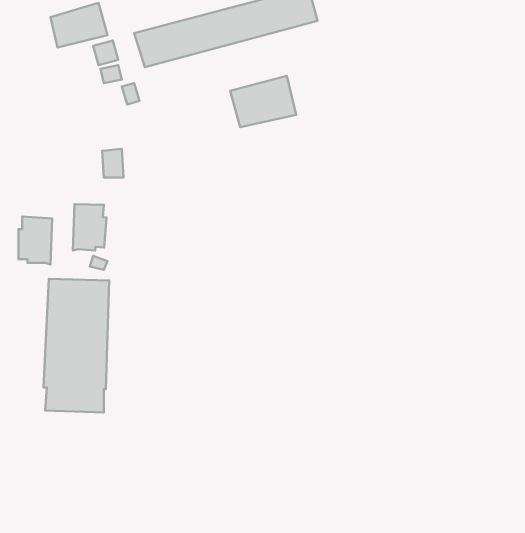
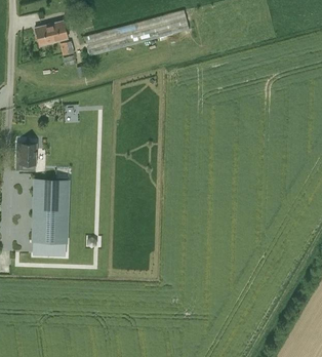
building: [230,76,296,127] -> none
building: [73,204,106,251] -> none

